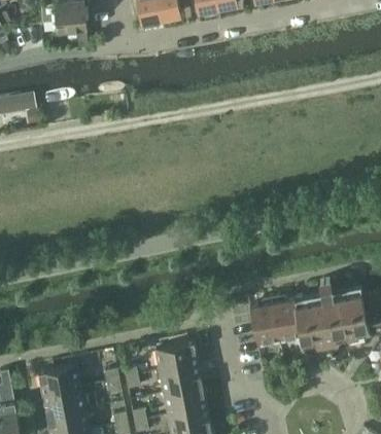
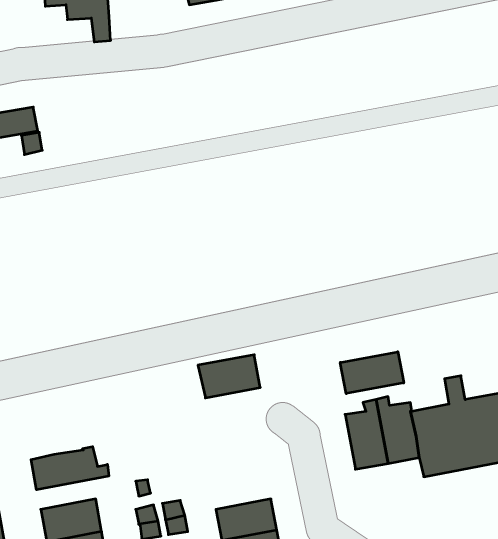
building: none -> [340,352,404,394]
building: none -> [31,447,109,490]
building: [154,341,198,371] -> [198,355,260,398]

